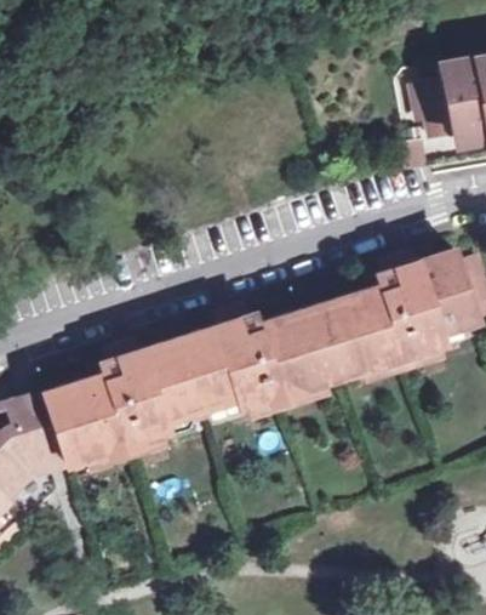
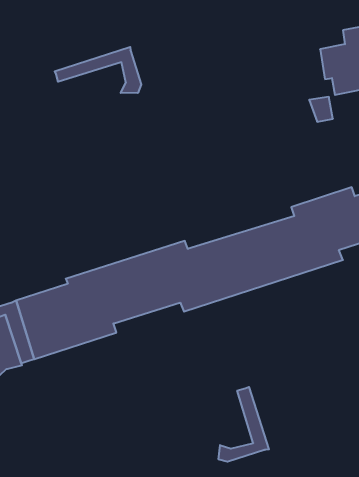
building: none -> [55,47,141,93]
building: none -> [219,387,269,462]

